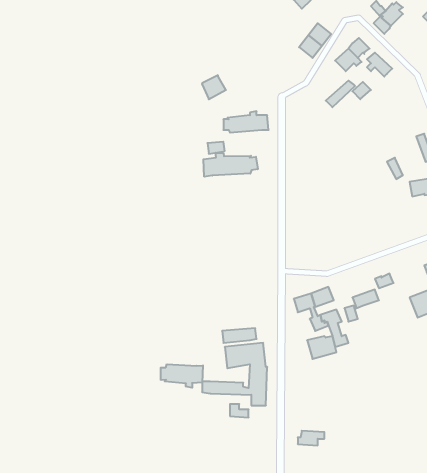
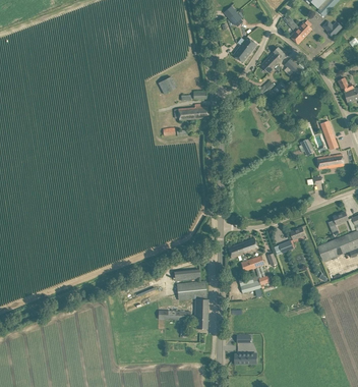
building: [203,153,258,177] -> none
building: [161,364,203,388] -> none

